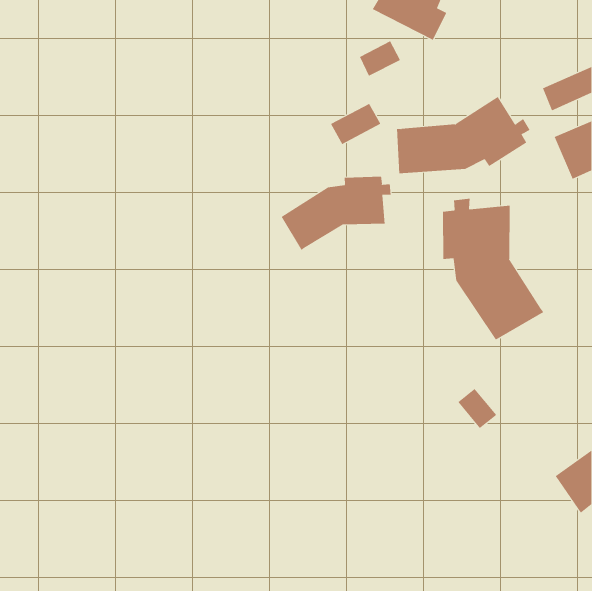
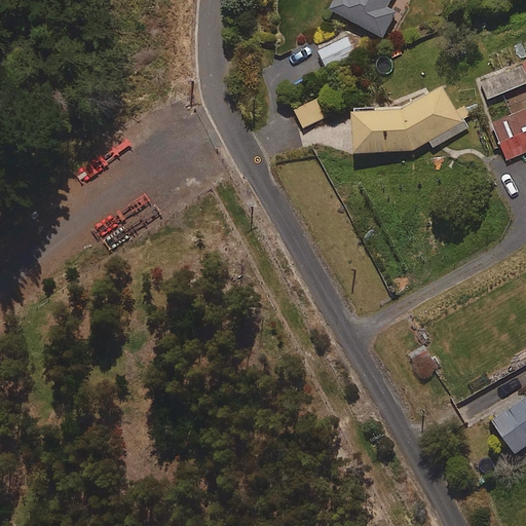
building: [281,176,391,251] -> none
building: [443,198,544,341] -> none

